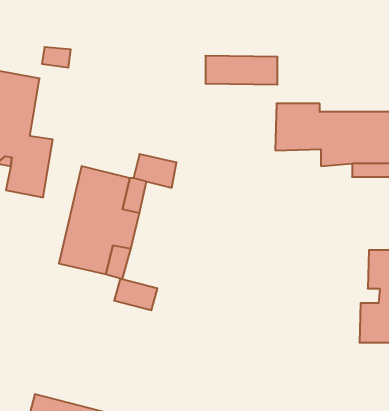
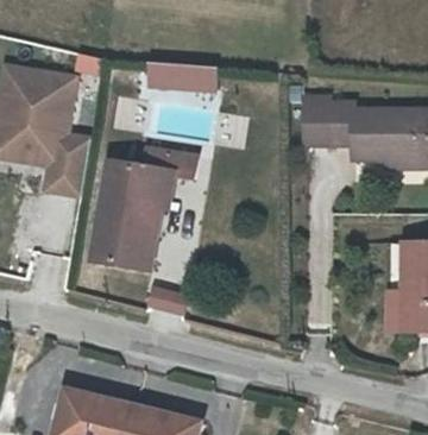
building: [205,56,278,85] -> [147,57,219,86]

